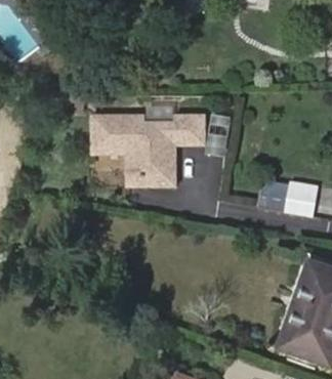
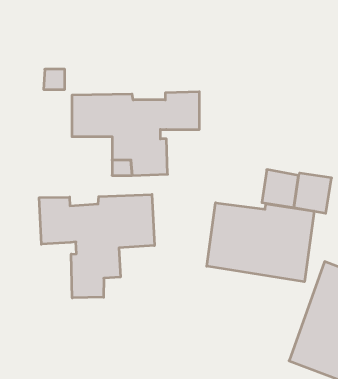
building: none -> [39,194,154,298]
building: none -> [207,203,314,282]

